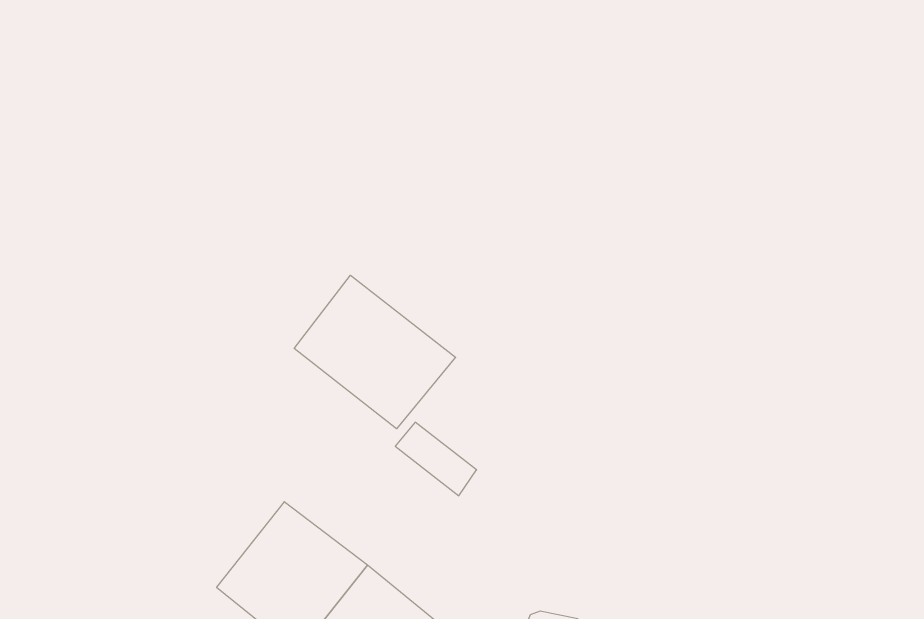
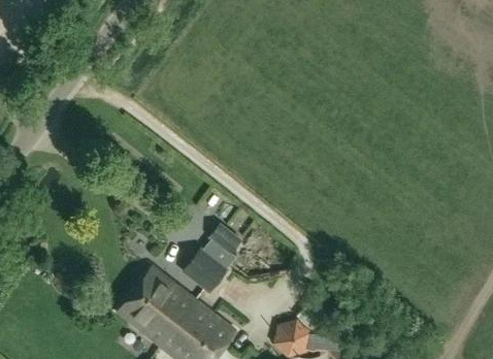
building: [294,275,456,429] -> none
building: none -> [184,250,227,293]

